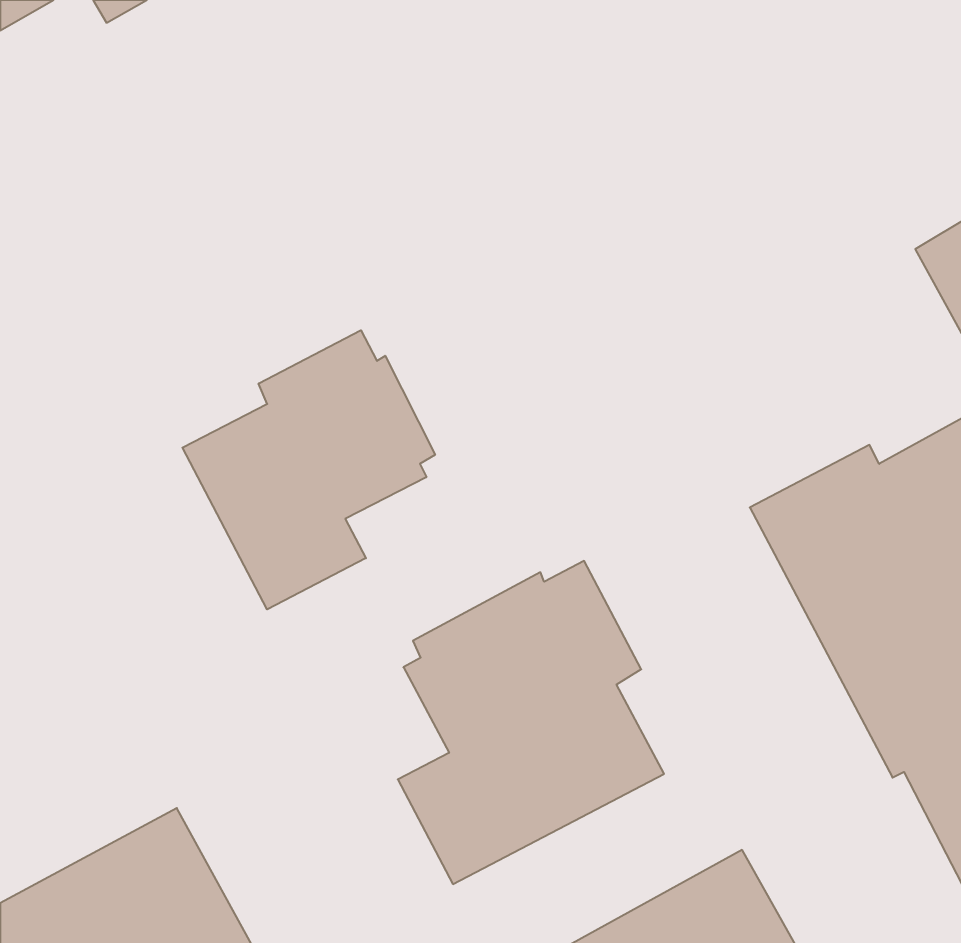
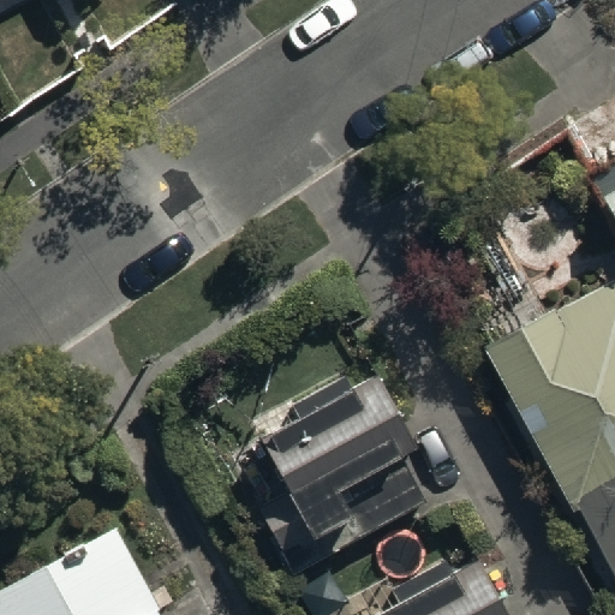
building: [182,330,435,609] -> none

